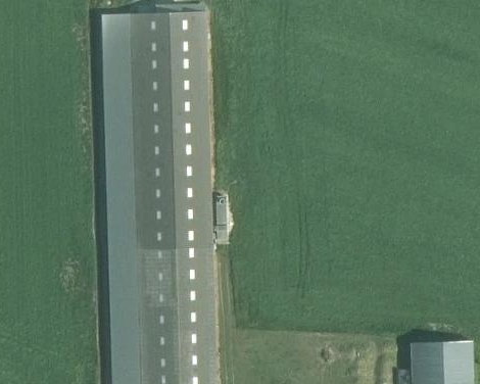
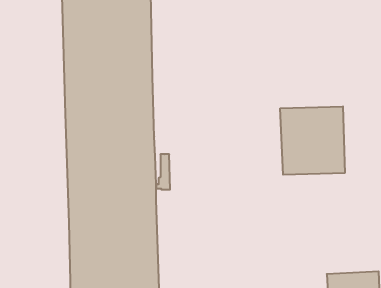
building: none -> [280,106,345,175]

